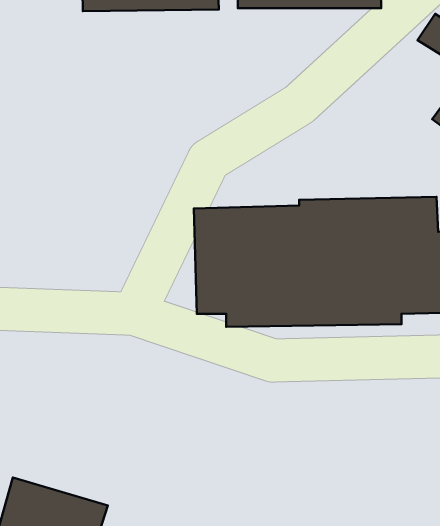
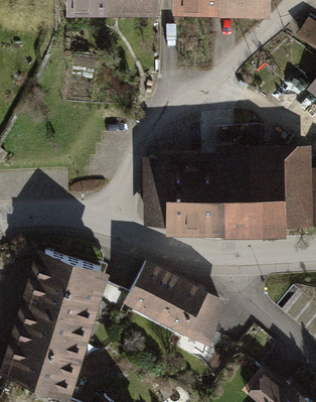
building: none -> [17,250,110,359]
building: none -> [127,266,222,348]

